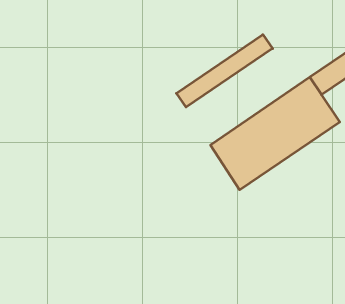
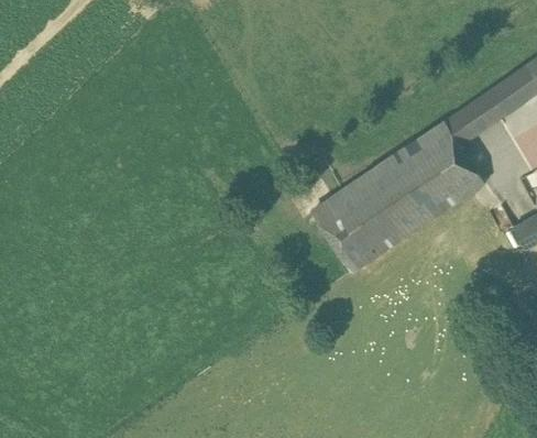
building: [176,35,273,107] -> none

